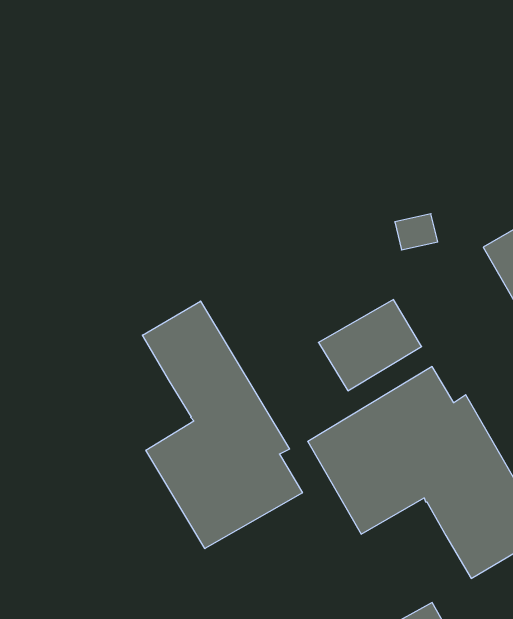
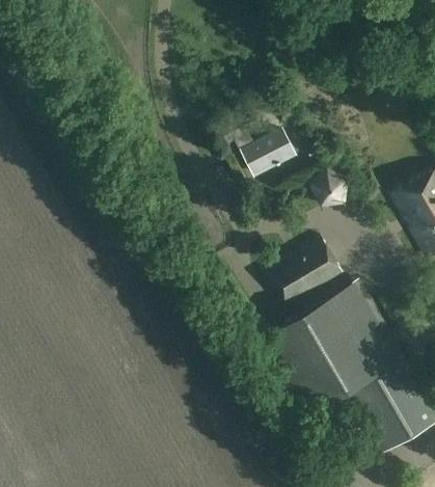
building: none -> [216,119,294,172]
building: [142,301,302,549] -> none

